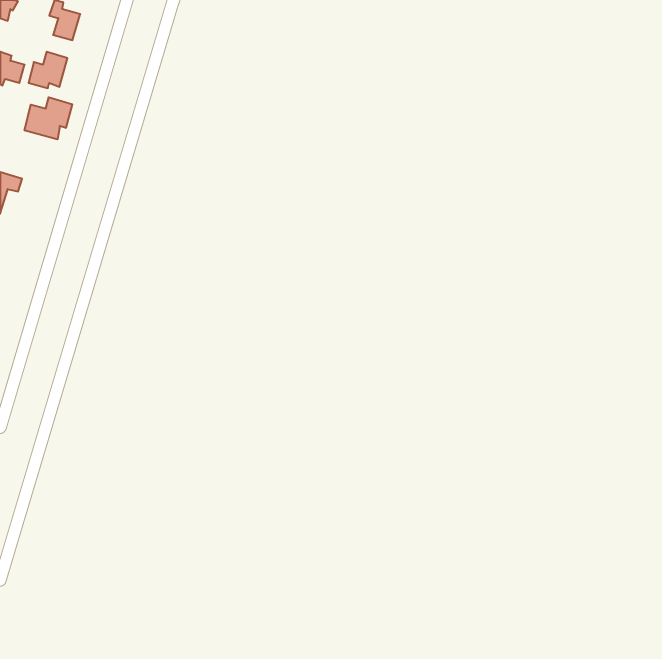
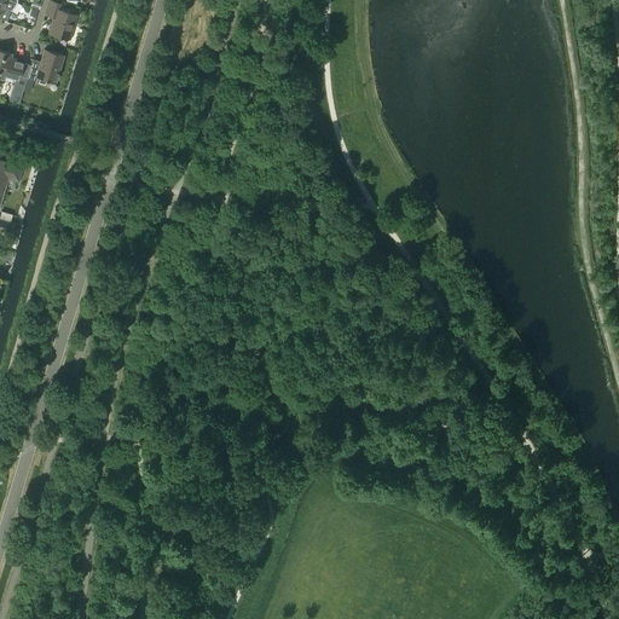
building: [25,97,72,139] -> none

